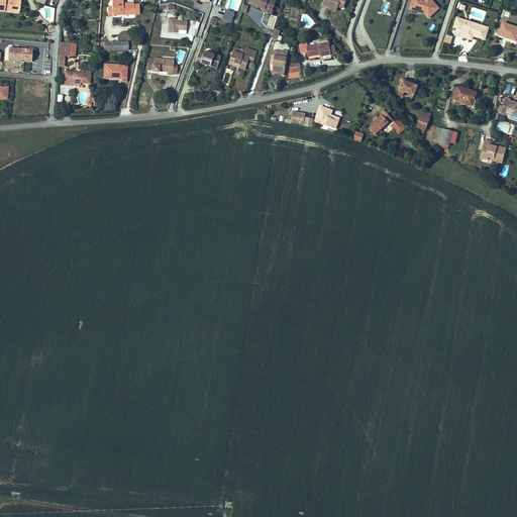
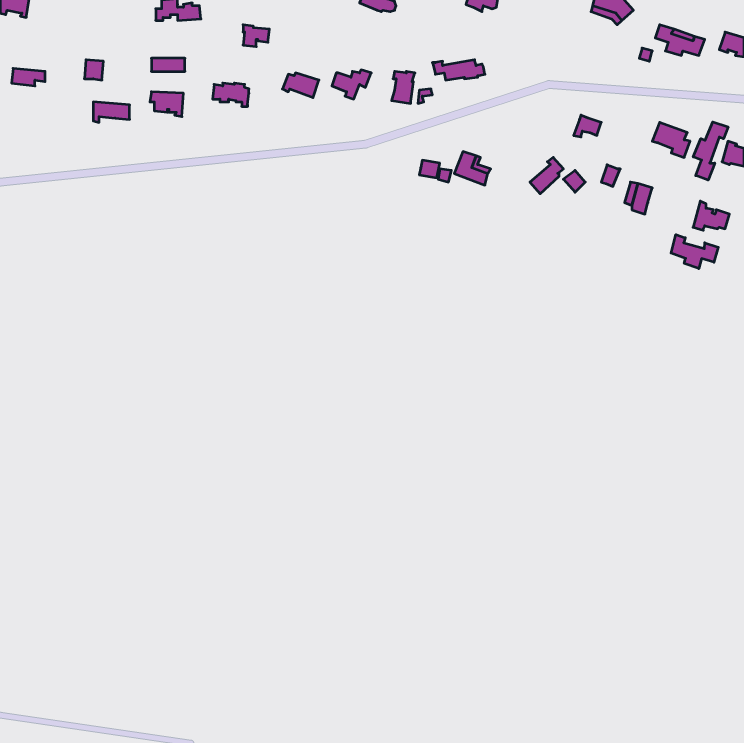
building: none -> [693,122,728,180]
building: none -> [671,235,718,269]

